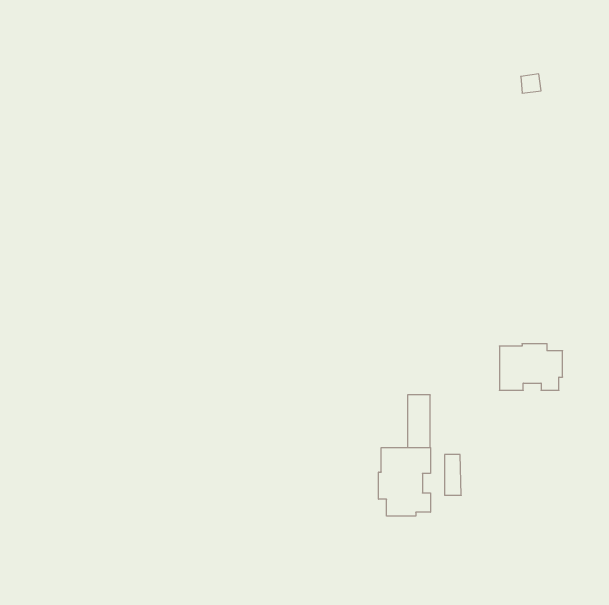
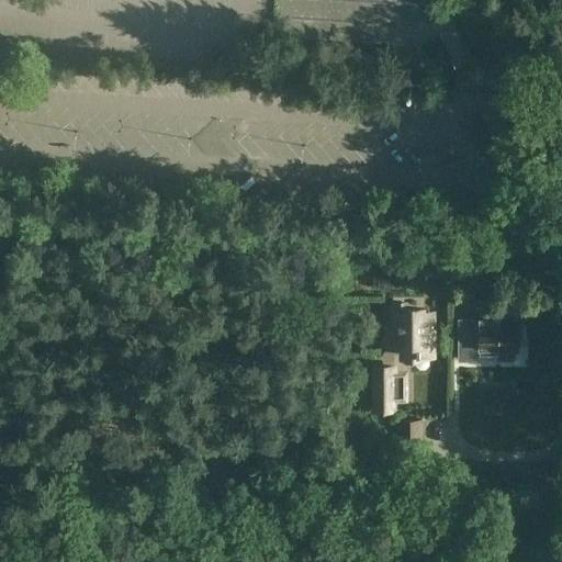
building: none -> [394,308,434,361]
building: [379,448,430,516] -> none

